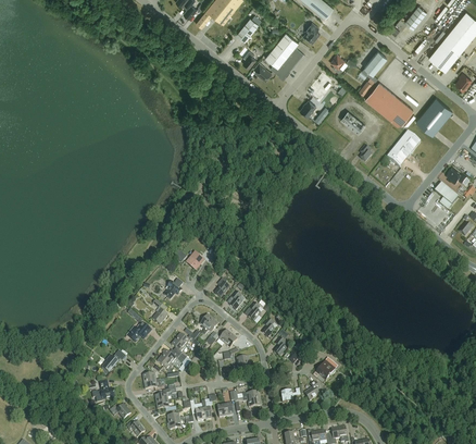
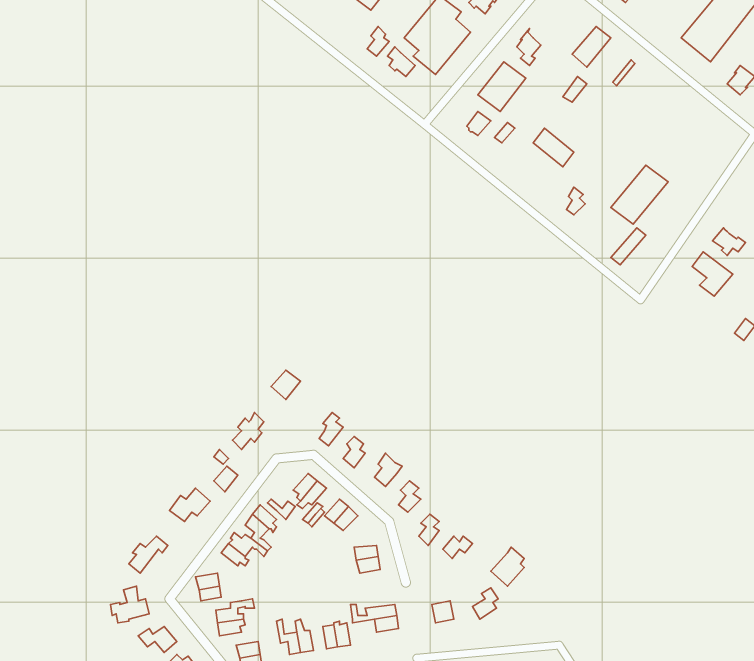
building: [365,82,414,126] -> none
building: [416,97,453,135] -> none

